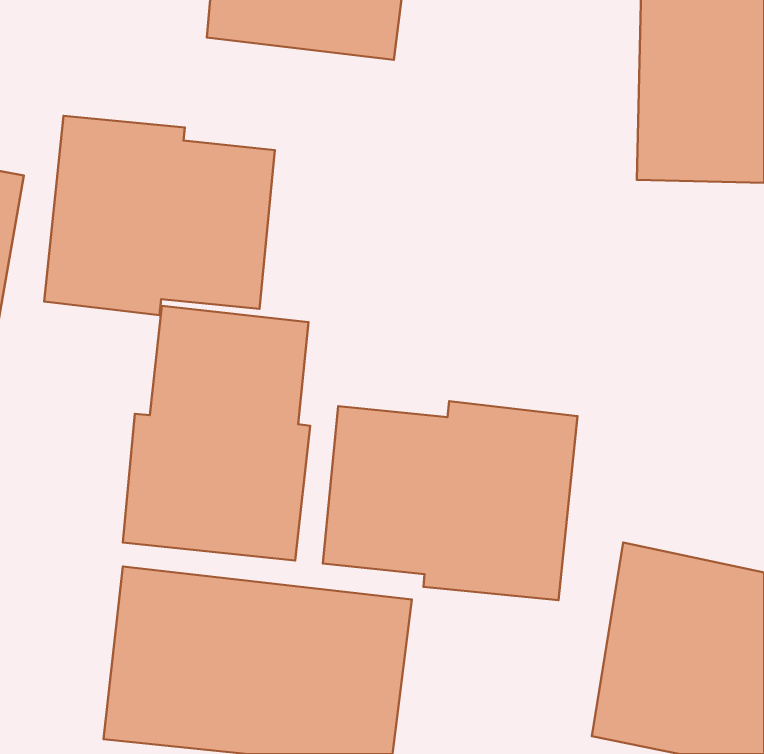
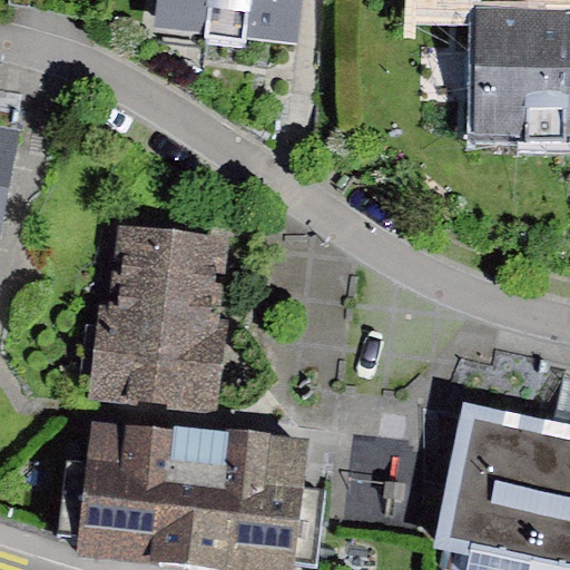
building: [44,116,275,315] -> none
building: [323,401,578,600] -> none

